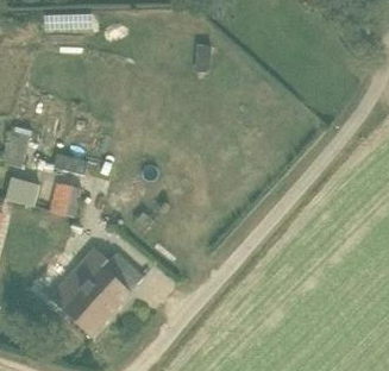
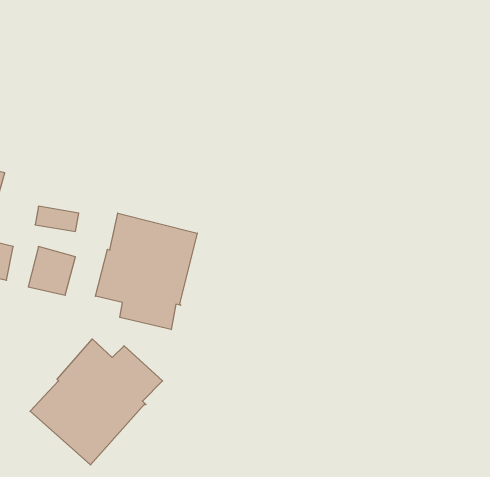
building: none -> [95,213,197,330]

